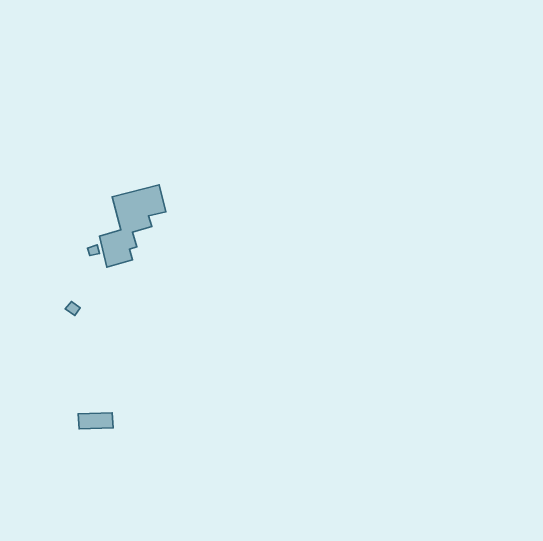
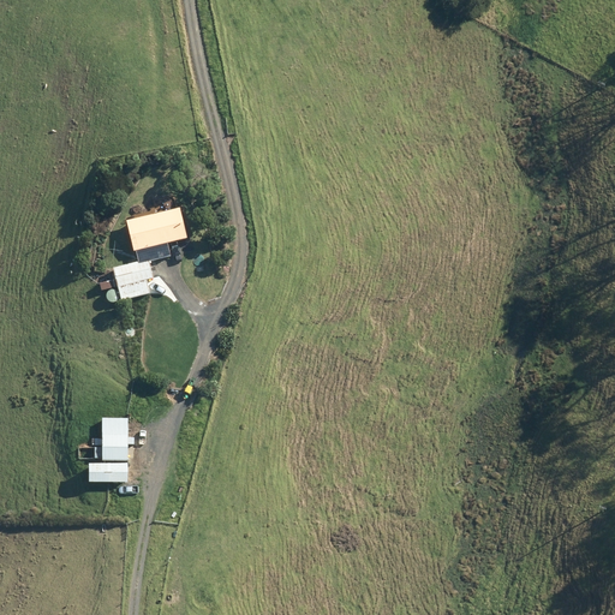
building: none -> [92,417,127,460]

